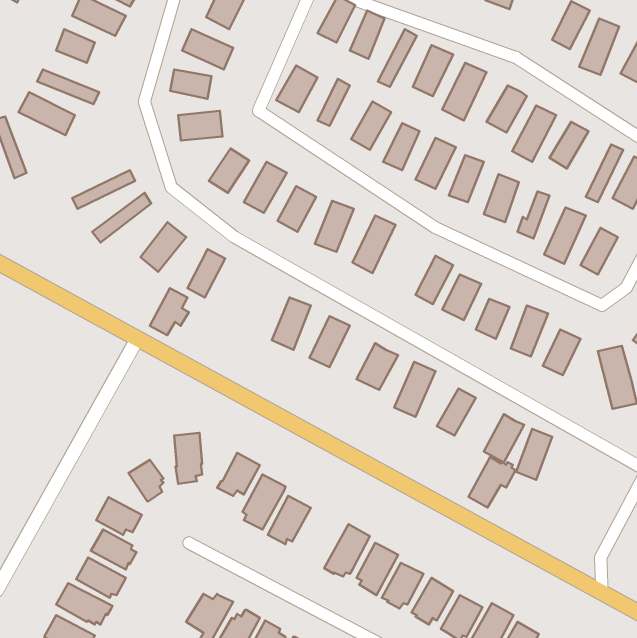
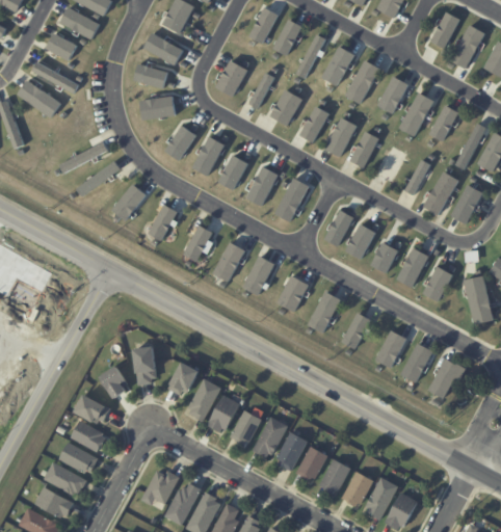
building: [150,288,189,335] -> [182,224,212,261]
building: [469,457,516,508] -> [430,360,467,399]
building: none -> [232,410,263,446]

